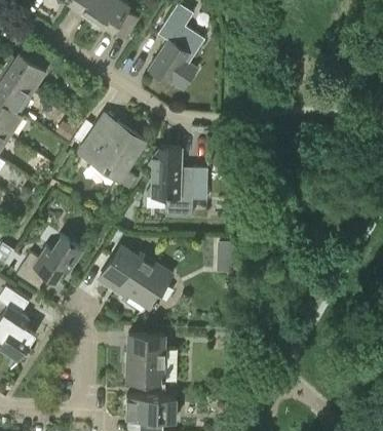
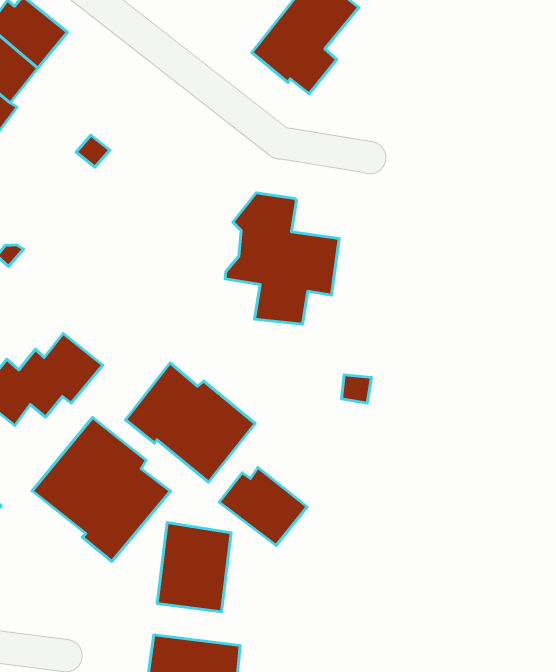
building: [79,122,145,189] -> none
building: none -> [32,417,171,562]
building: none -> [219,467,307,546]

